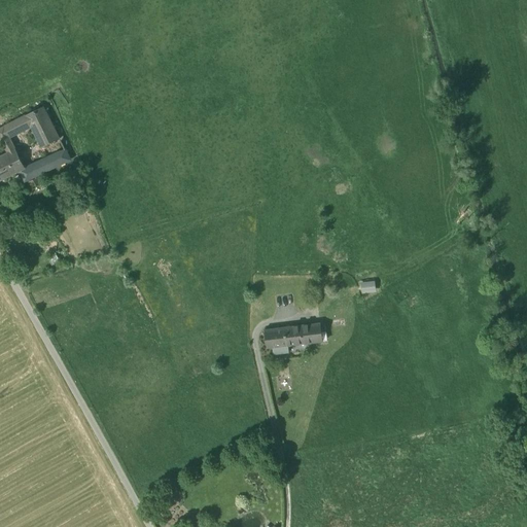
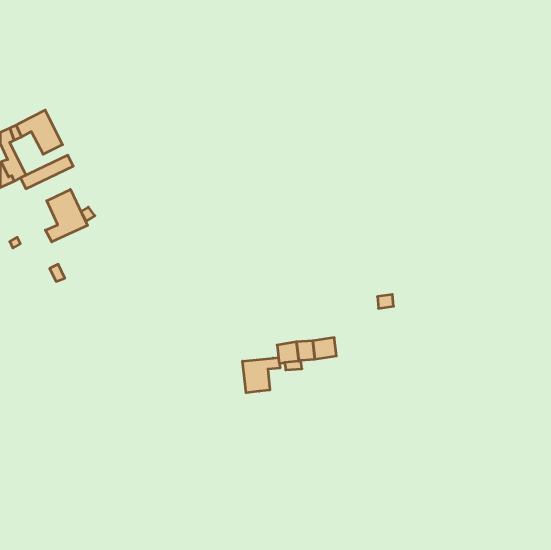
building: none -> [45,189,88,242]
building: none -> [243,358,280,393]

